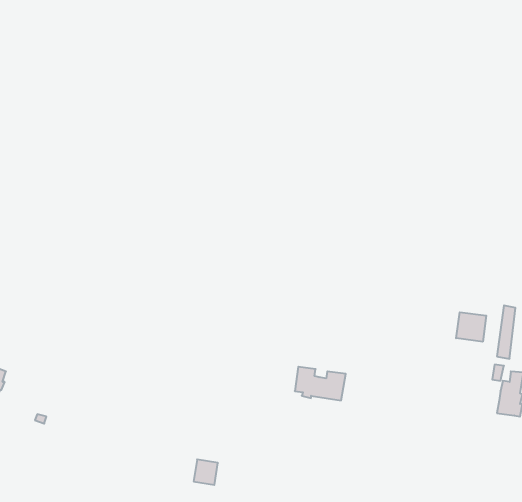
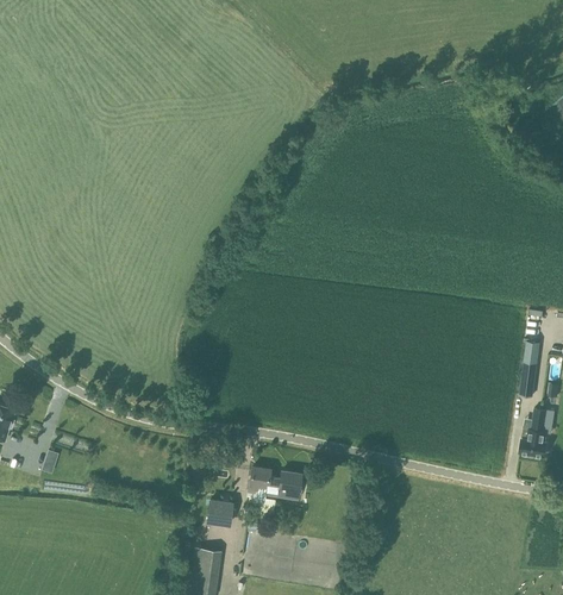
building: [456,312,486,342] -> none
building: [295,367,346,400] -> [250,466,302,501]

